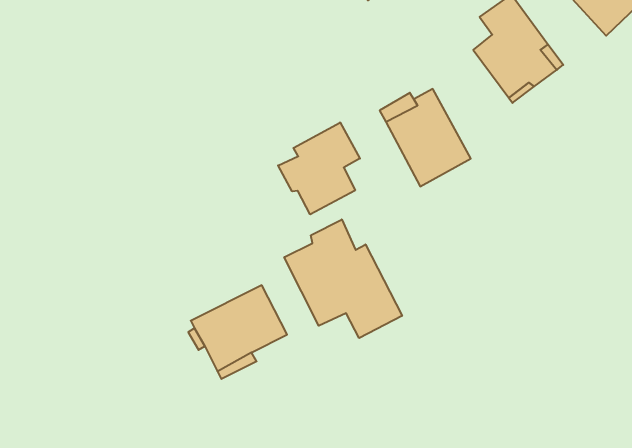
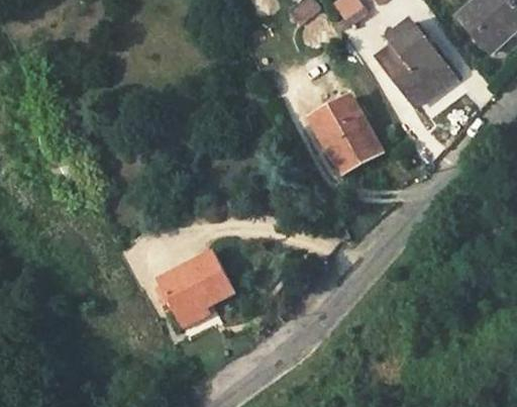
building: [278,122,360,214] -> none
building: [284,219,402,338] -> none

